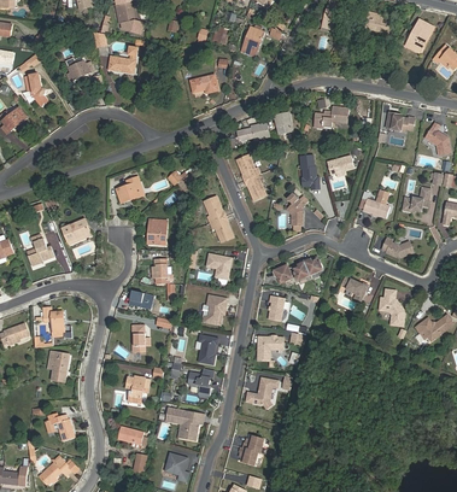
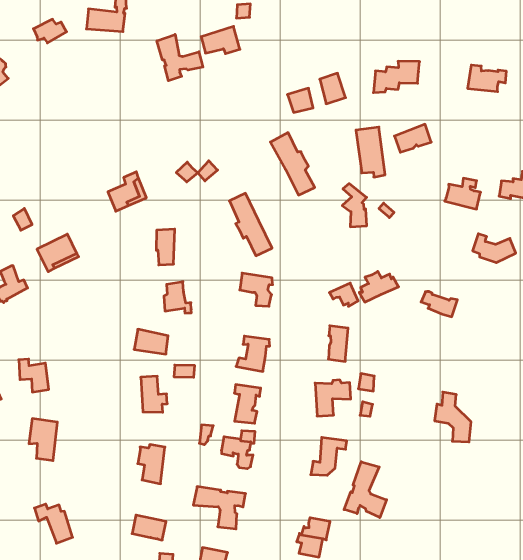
building: none -> [157,34,203,81]
building: [376,287,403,324] -> [435,392,471,442]
building: none -> [344,462,387,518]

